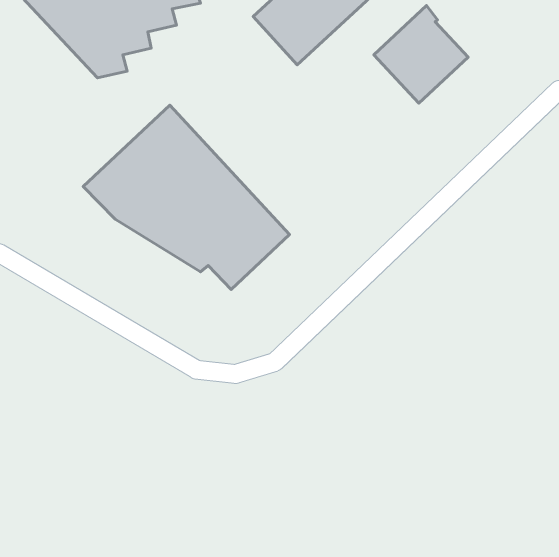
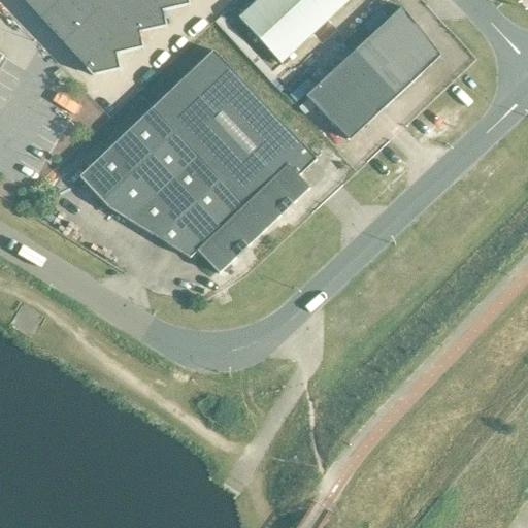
building: none -> [160,48,316,221]
building: none -> [305,52,394,138]

